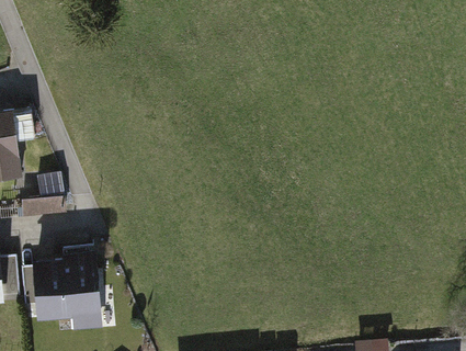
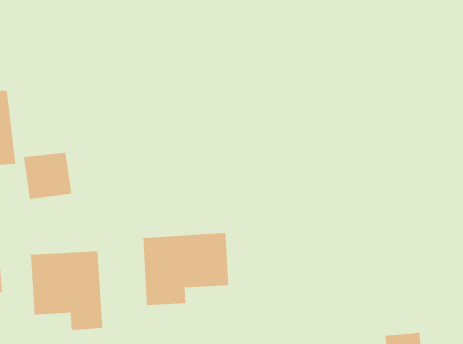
building: none -> [143,232,229,306]

